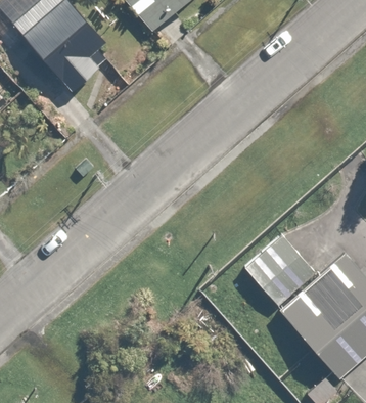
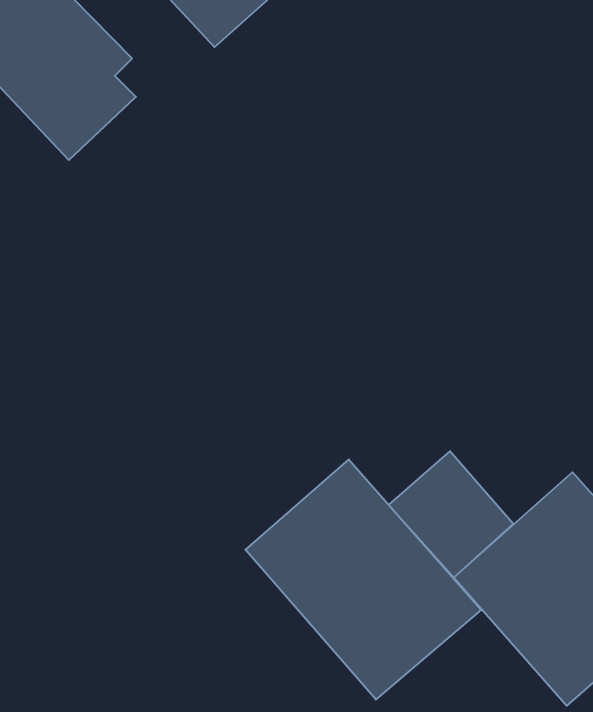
building: none -> [245,459,481,700]

